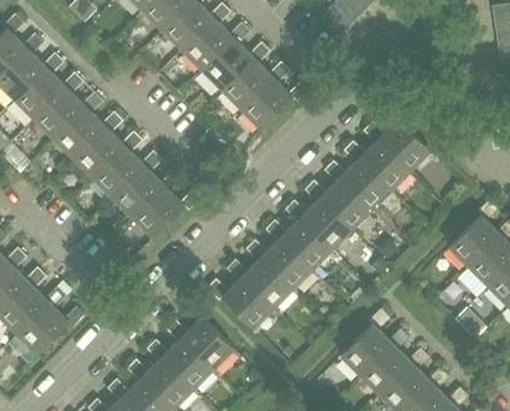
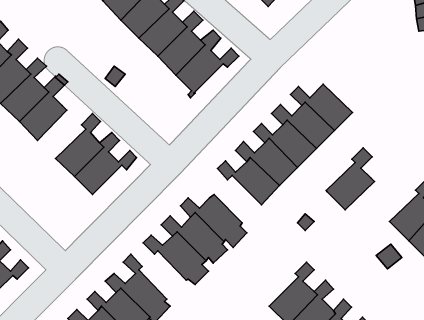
building: [93,132,145,200] -> none
building: [448,201,499,267] -> [326,148,374,210]
building: [266,218,332,268] -> none

